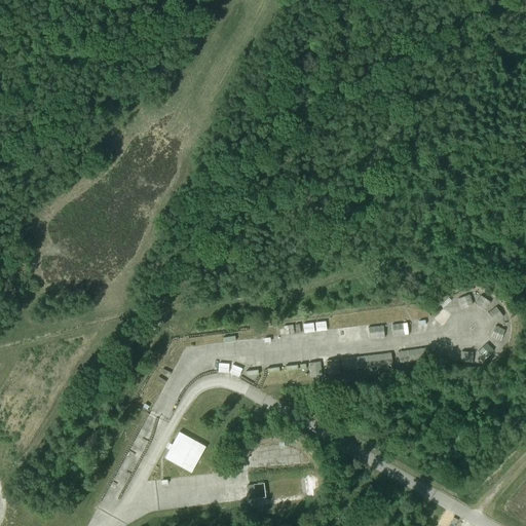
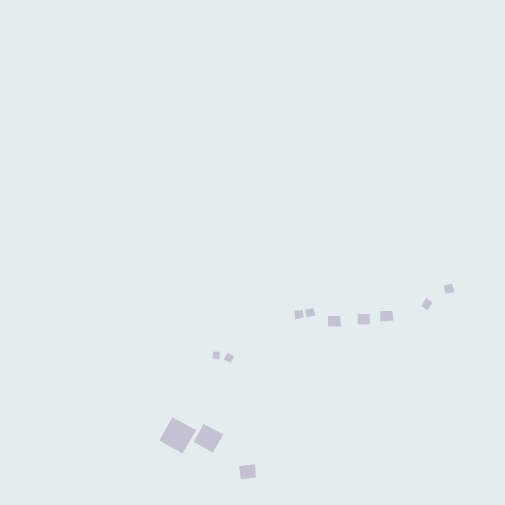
building: none -> [192,423,225,454]

